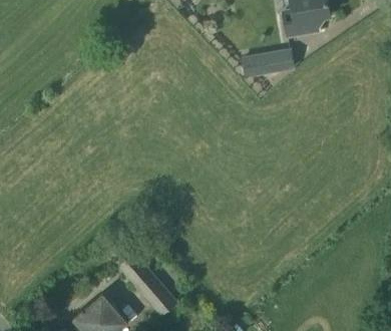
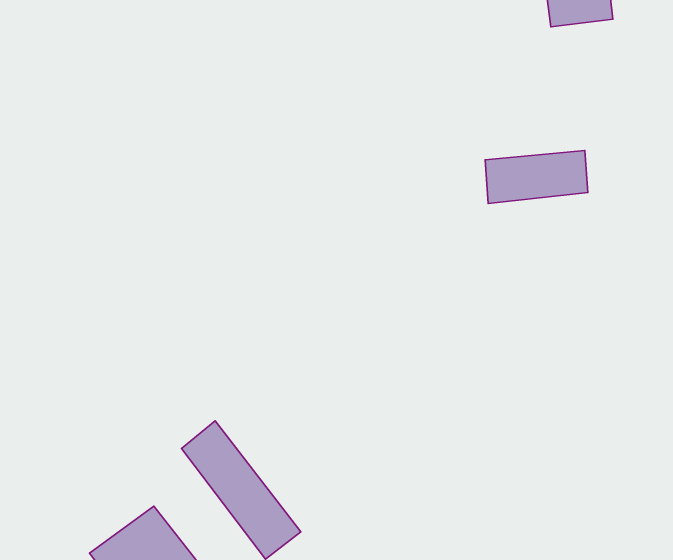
building: [242,48,295,78] -> [485,151,588,204]

